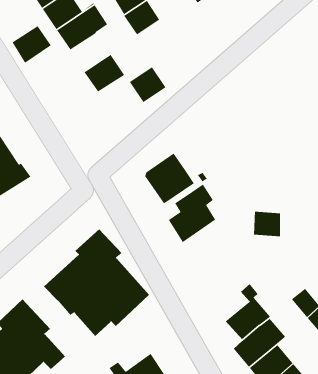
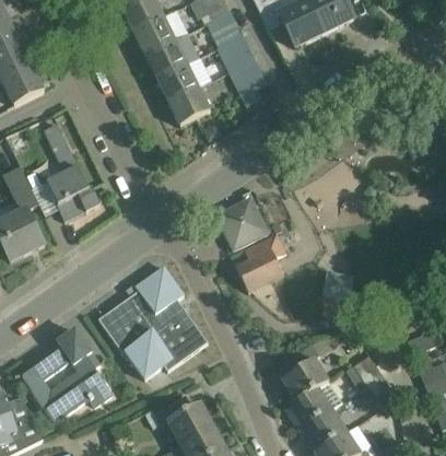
building: [11,25,52,64] -> [156,62,198,101]
building: [129,66,166,103] -> [227,57,266,94]

